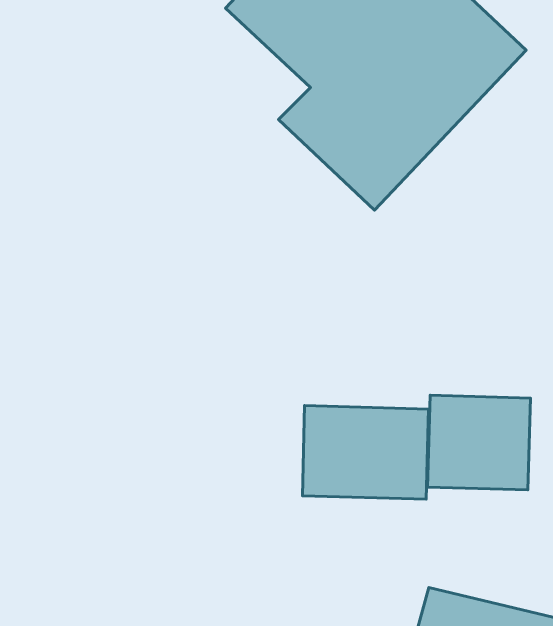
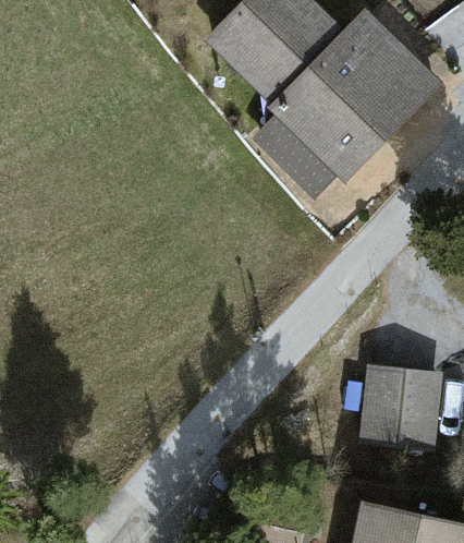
building: [302,406,428,499] -> none

